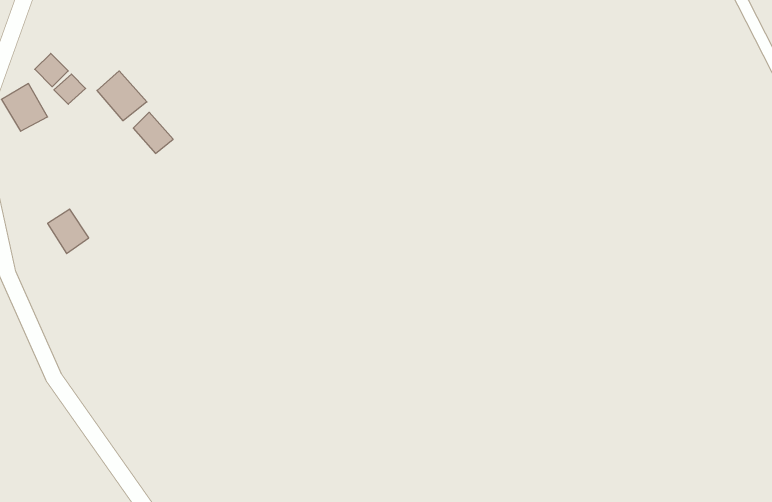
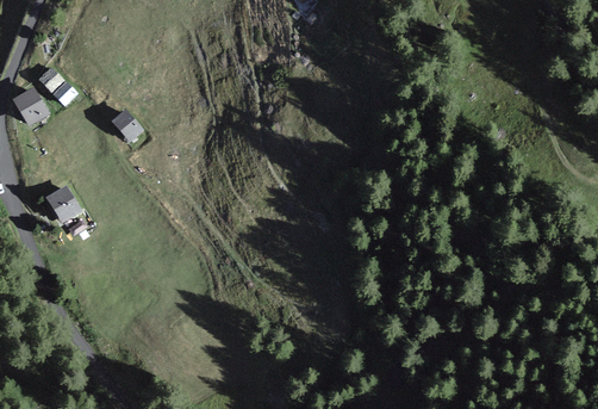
building: [97,71,147,121] -> none

